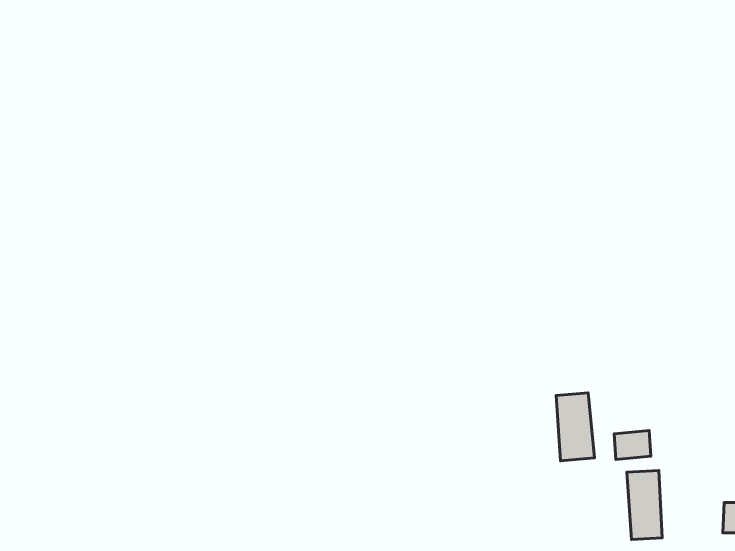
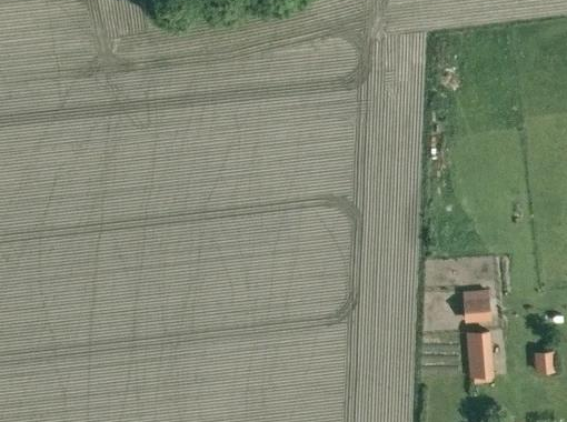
building: [556,393,594,461] -> none

